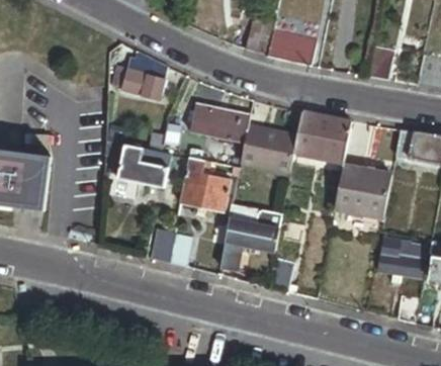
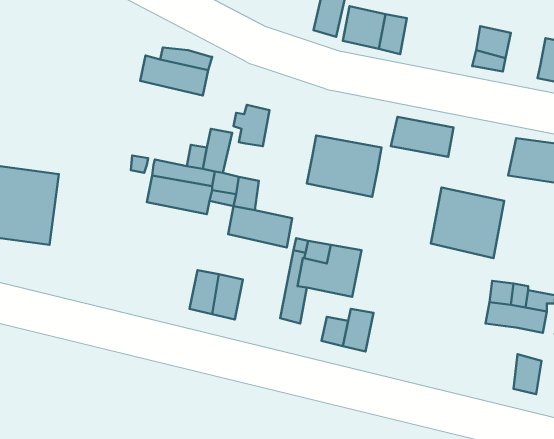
building: [207,102,251,143] -> none
building: [294,111,348,162] -> none

